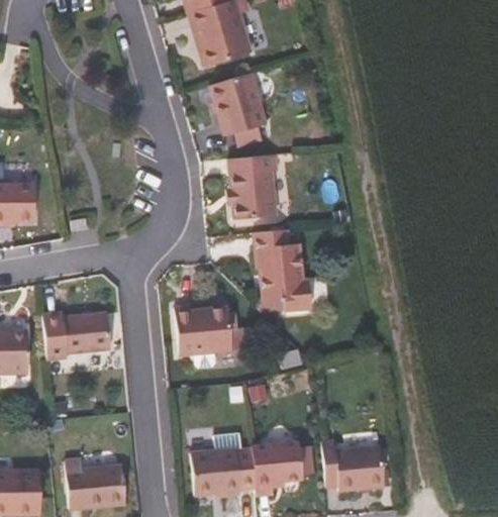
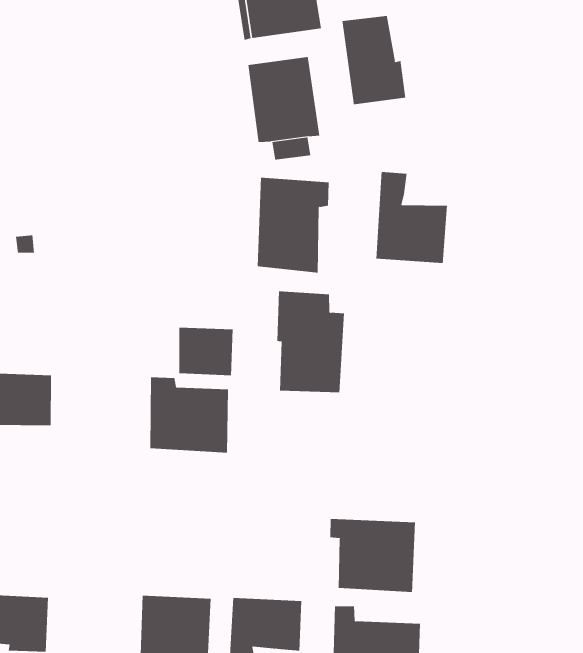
building: none -> [342,15,406,105]
building: none -> [376,171,448,264]
building: none -> [179,327,233,376]
building: none -> [330,518,416,593]

